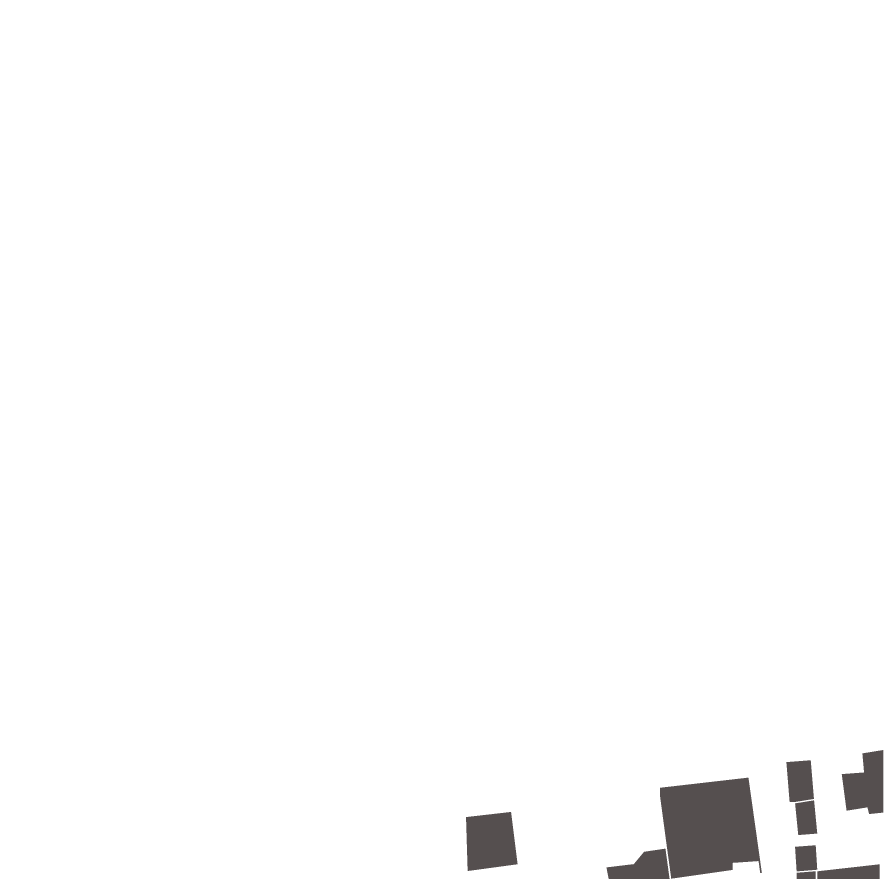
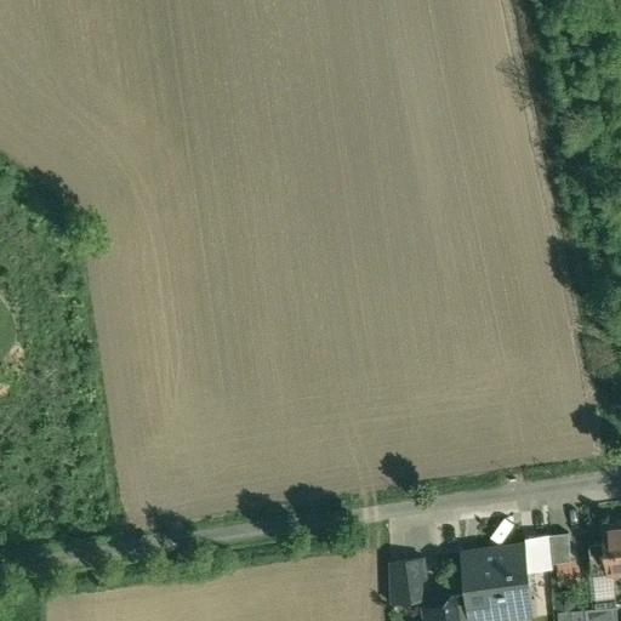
building: none -> [526,539,553,575]
building: [465,811,519,872] -> [391,562,428,604]

